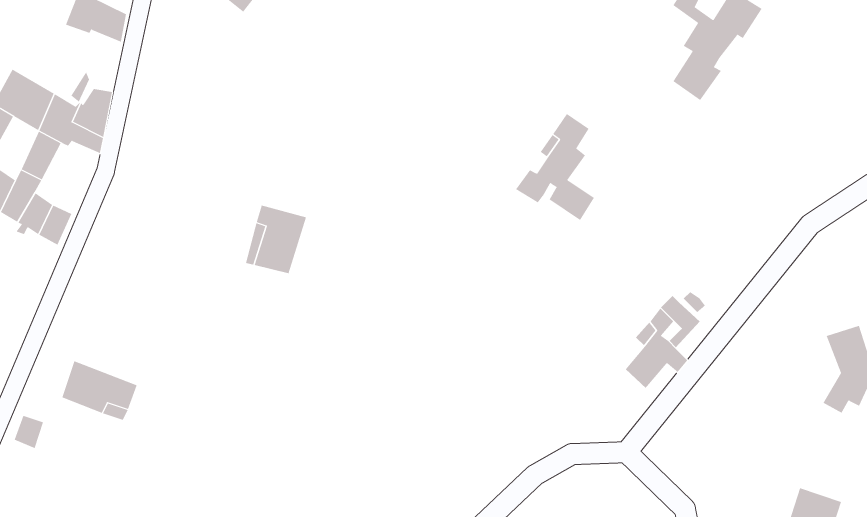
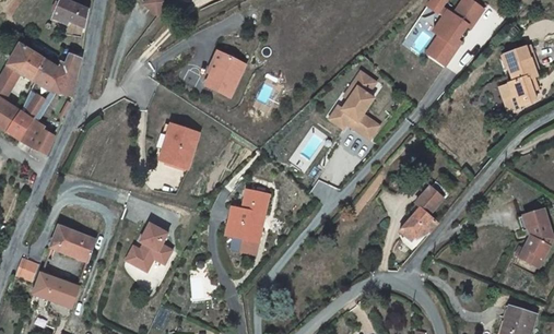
building: none -> [500,45,540,114]
building: none -> [205,51,245,97]
building: none -> [225,189,269,254]
building: none -> [127,222,174,271]
building: none -> [34,274,78,306]

